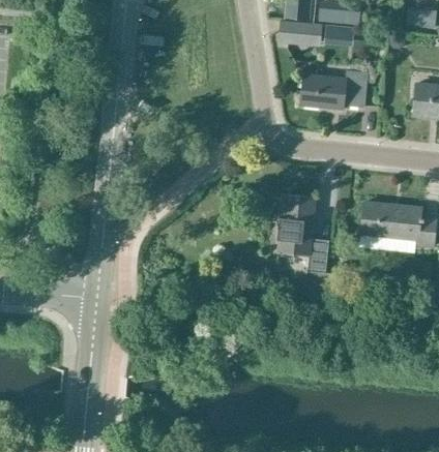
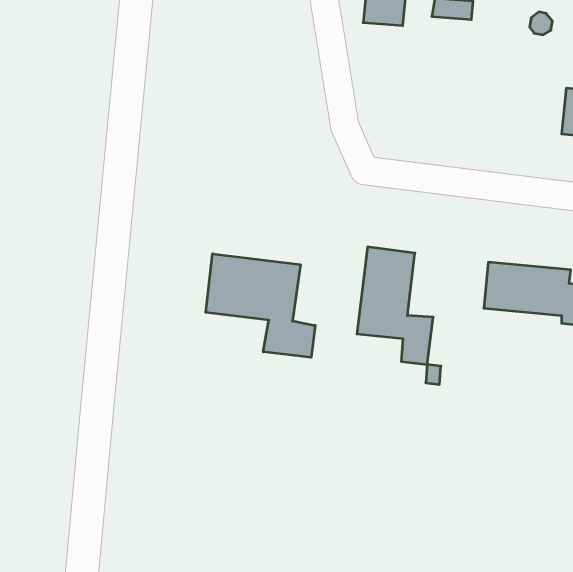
building: [299,70,368,109] -> none
building: none -> [206,254,315,357]

